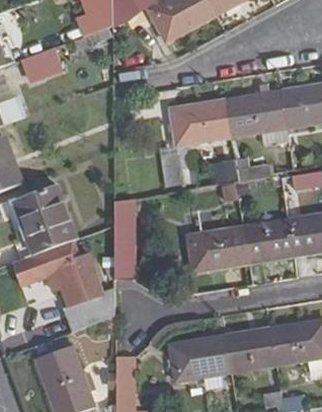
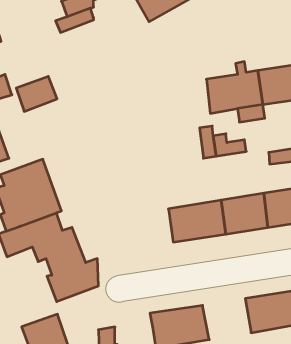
building: [20,47,63,83] -> [16,76,57,111]
building: [159,100,232,185] -> none
building: [113,202,136,280] -> none
building: [224,329,274,371] -> none

